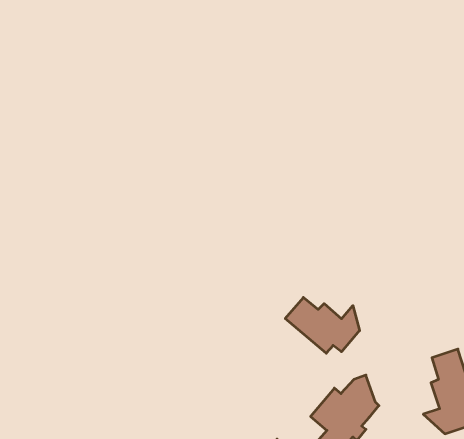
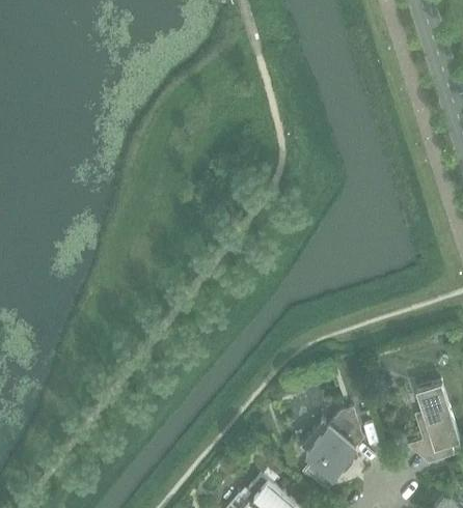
building: [285,297,360,353] -> none

